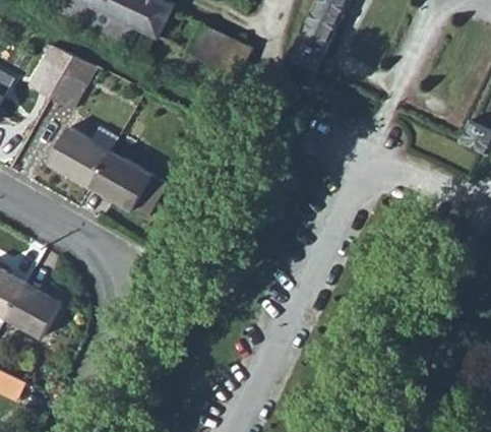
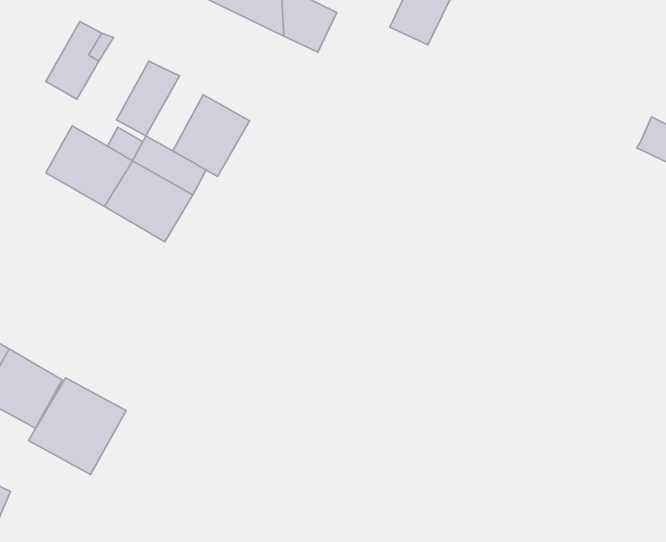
building: [28,45,72,97] -> [116,61,180,136]
building: none -> [173,95,250,176]
building: none -> [28,378,126,475]

